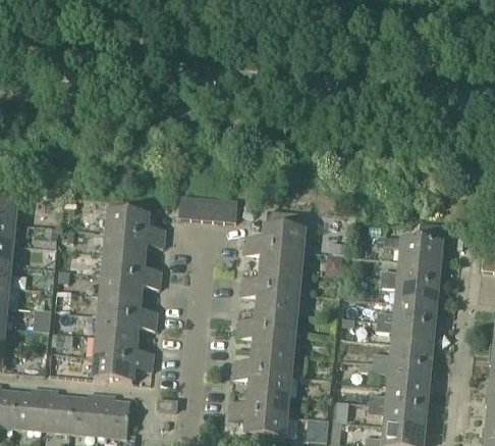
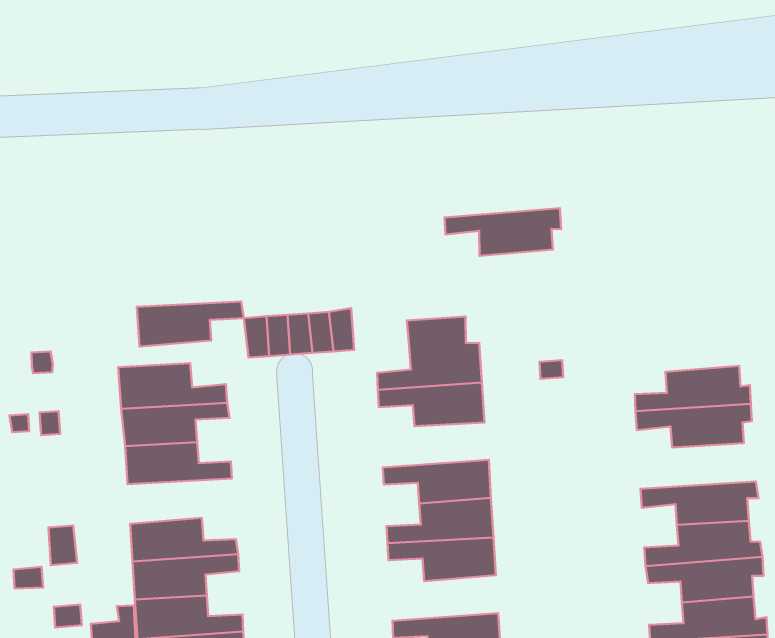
building: [384,237,447,263] -> [445,208,561,256]
building: [241,267,299,292] -> none
building: [102,274,160,298] -> [137,301,244,346]
building: [377,301,440,327] -> none
building: [233,351,292,375] -> none

